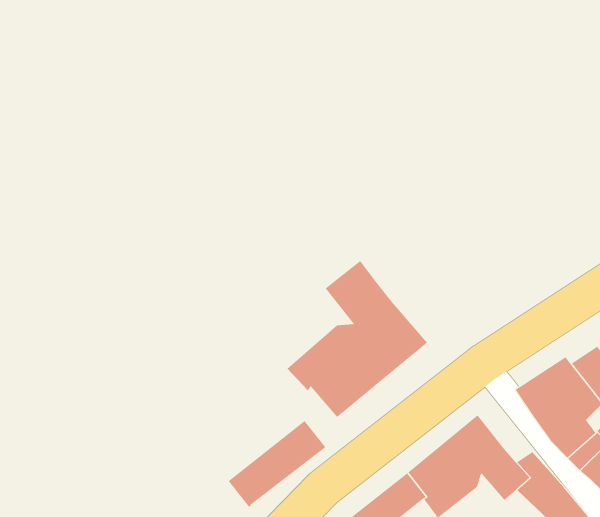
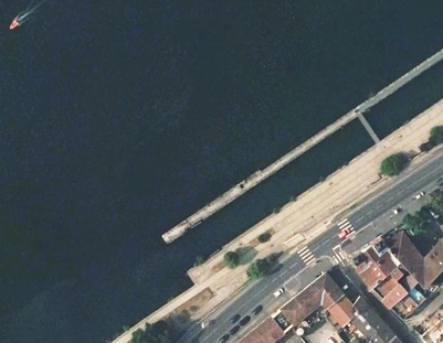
building: [287,260,428,418] -> none
building: [228,420,326,508] -> none

